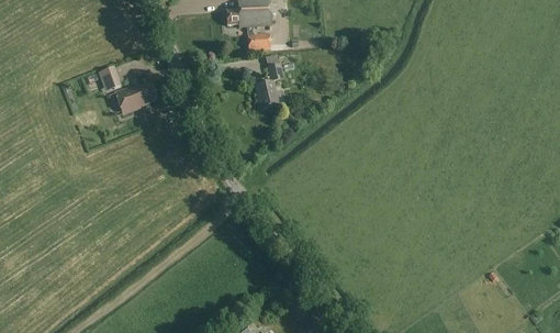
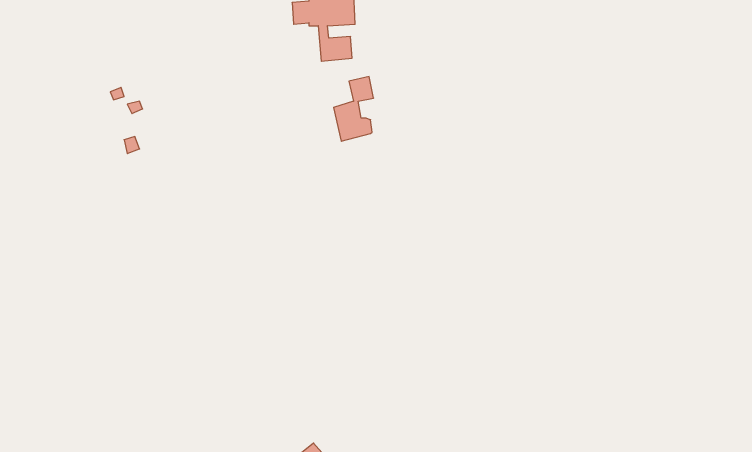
building: [115,80,157,113] -> none

